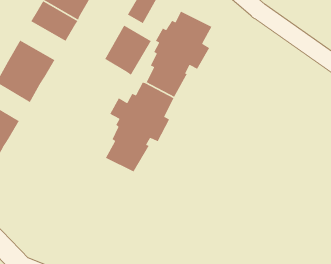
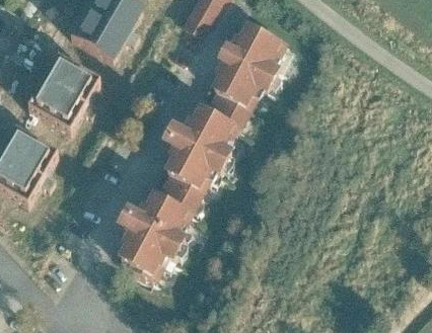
building: [104,25,152,76] -> none
building: none -> [118,192,193,280]

